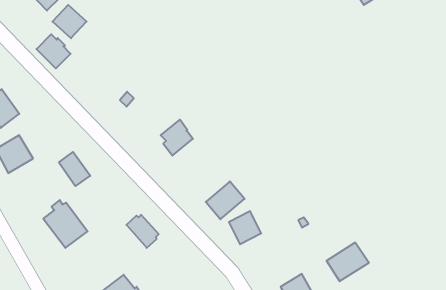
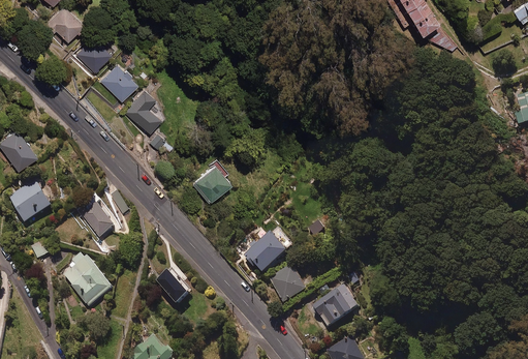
building: [36,34,71,68] -> [99,62,137,100]
building: none -> [124,89,160,132]
building: [326,243,369,281] -> [313,286,361,329]

